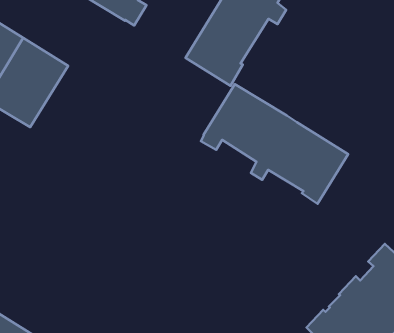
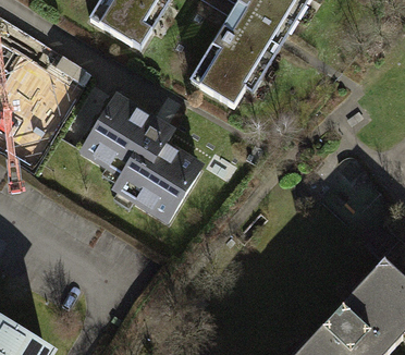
building: none -> [82,98,198,218]
building: [201,84,348,204] -> none

